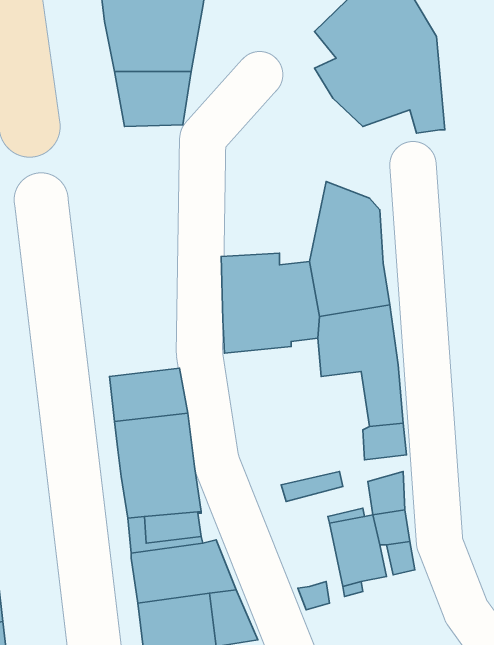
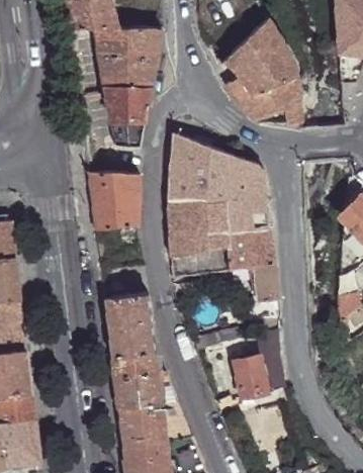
building: none -> [109,118,145,147]
building: none -> [168,132,232,203]
building: none -> [87,171,138,229]
building: none -> [170,248,229,278]

